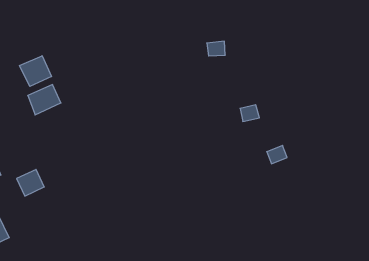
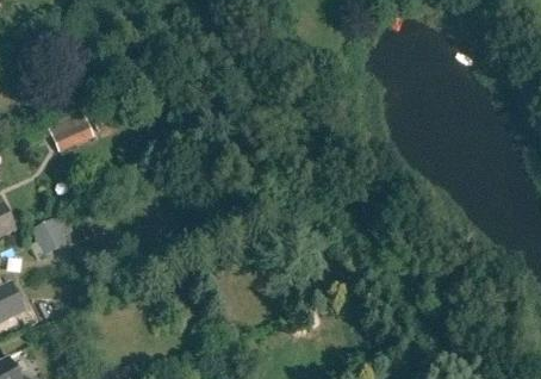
building: [19,56,51,86] -> none

